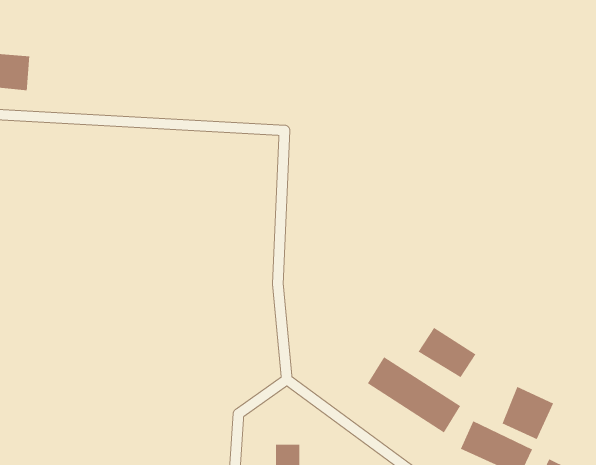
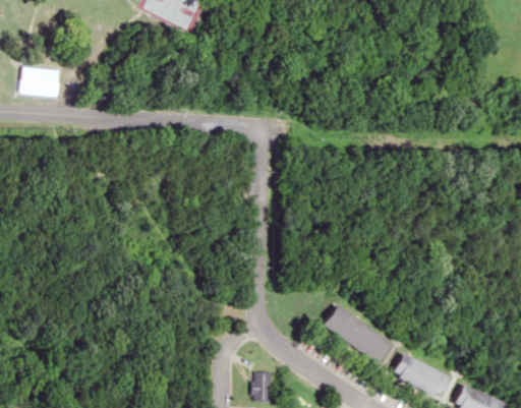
building: [418,327,476,378] -> none
building: [501,386,554,440] -> none

